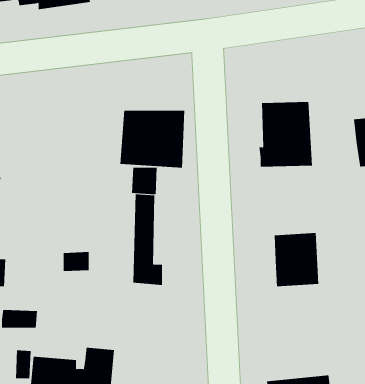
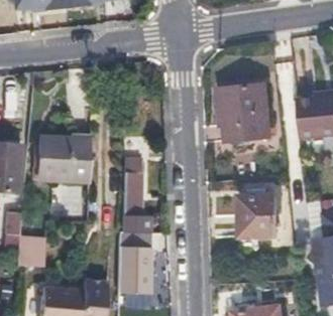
building: [120,110,185,168] -> [39,139,92,185]
building: none -> [118,247,150,292]

